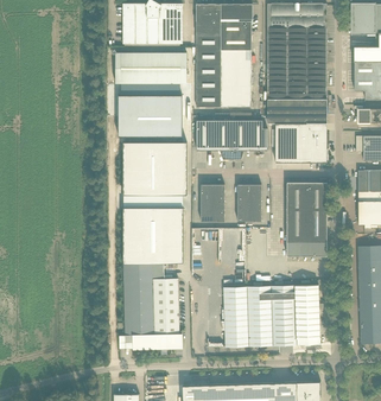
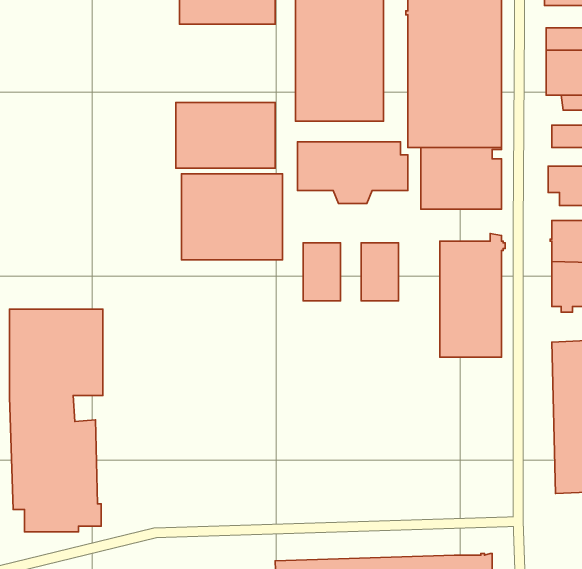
building: [115,52,186,83] -> none
building: [123,208,183,349] -> [9,309,103,532]
building: [223,285,320,346] -> none

